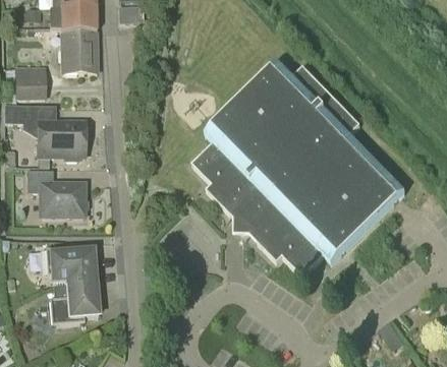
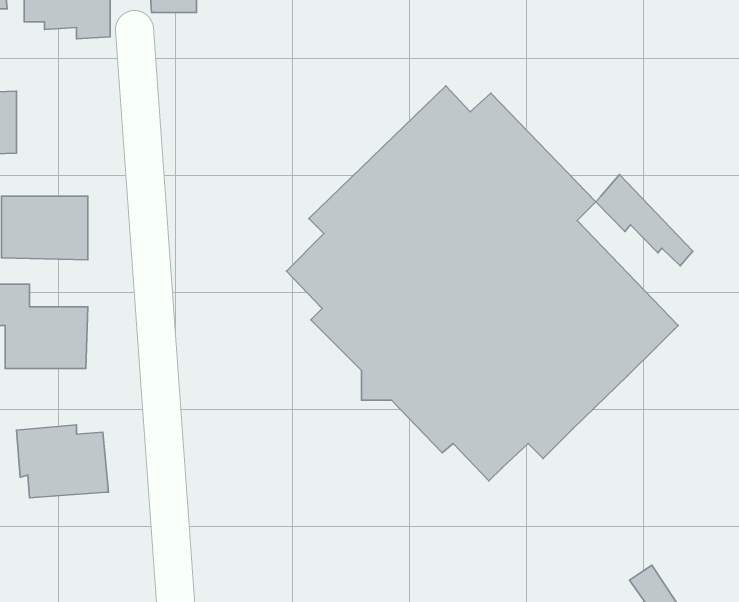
building: [61,29,98,72] -> none
building: none -> [596,175,693,266]
building: [50,282,98,322] -> none

